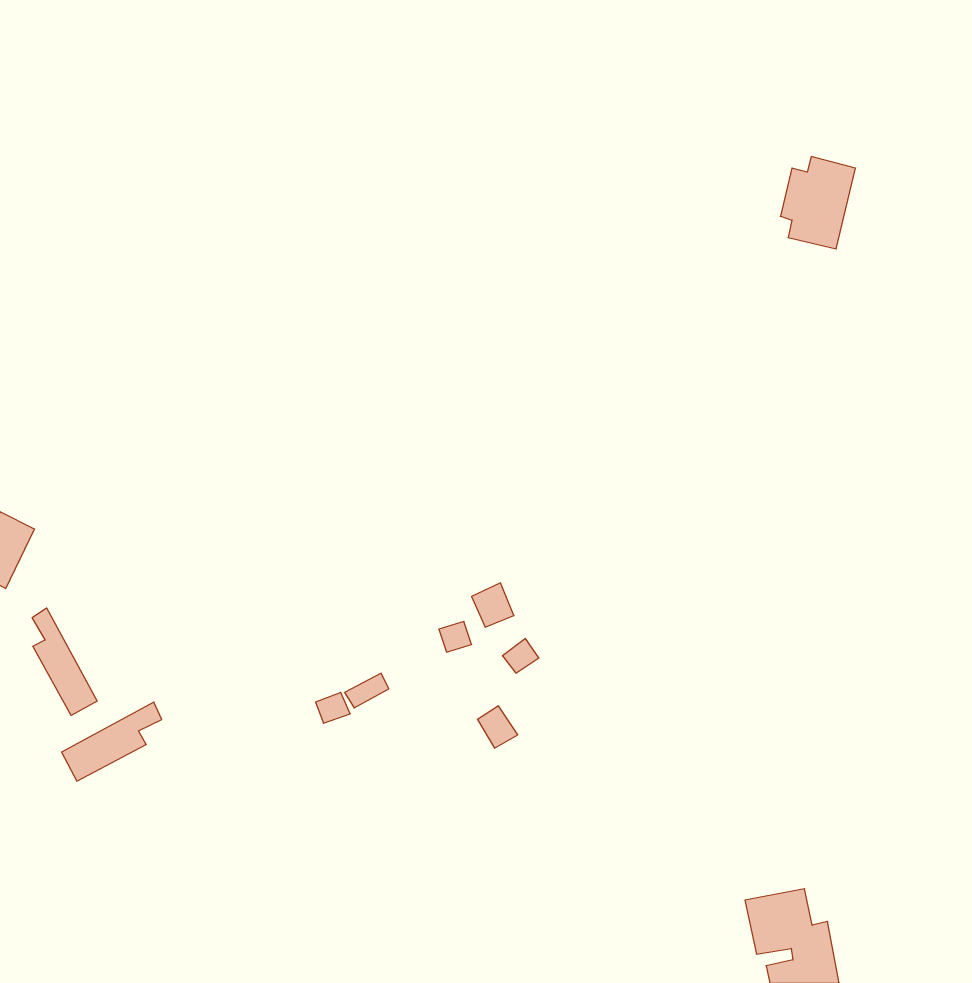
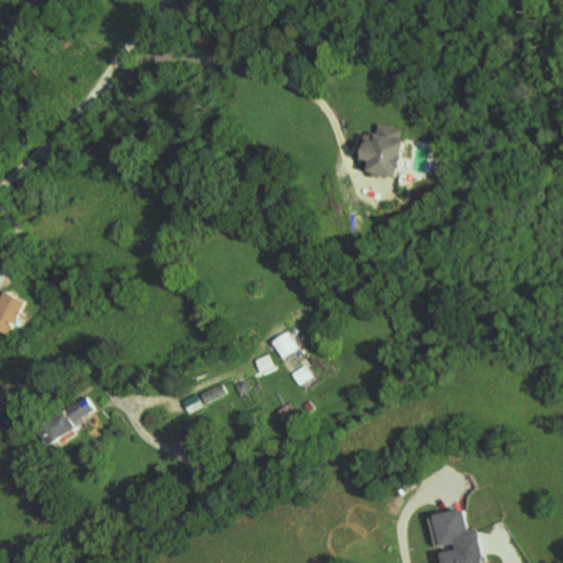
building: [780,157,855,249] -> [360,125,402,178]
building: [32,608,97,715] -> none

